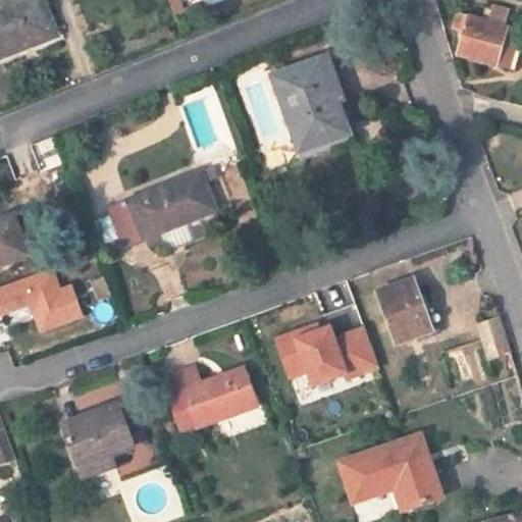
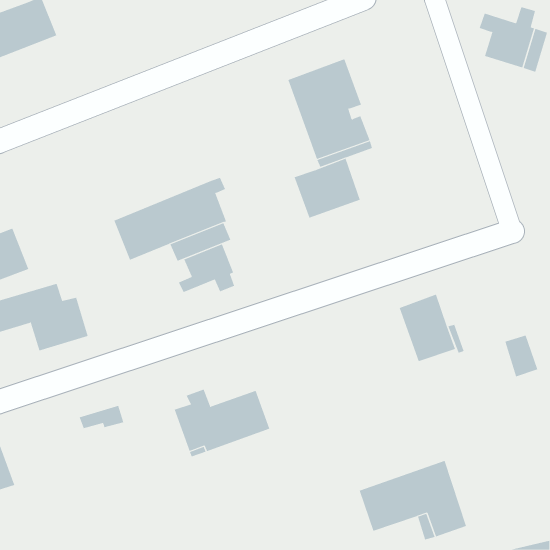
building: none -> [294,158,361,218]
building: none -> [178,244,235,293]
building: [273,318,378,385] -> none
building: [61,404,133,476] -> none

